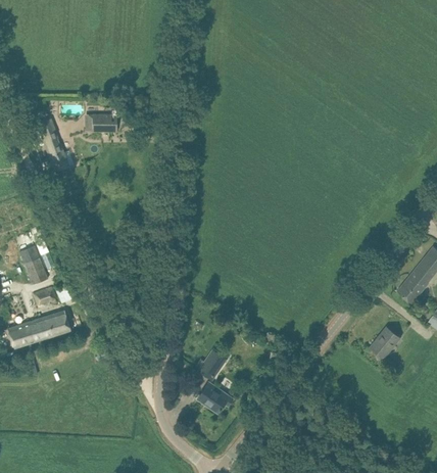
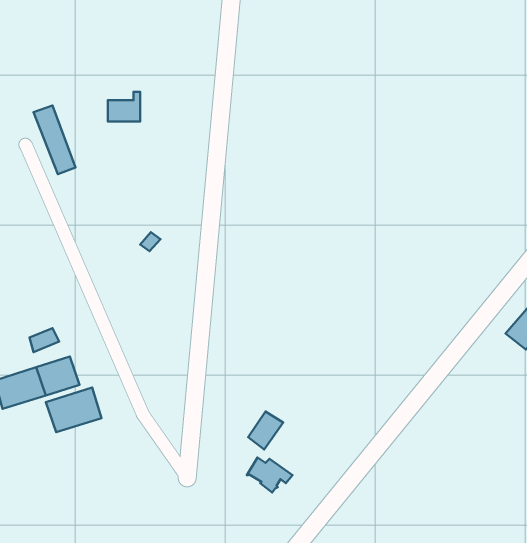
building: [25,256,48,285] -> none
building: [371,328,399,358] -> none
building: none -> [46,387,101,432]

